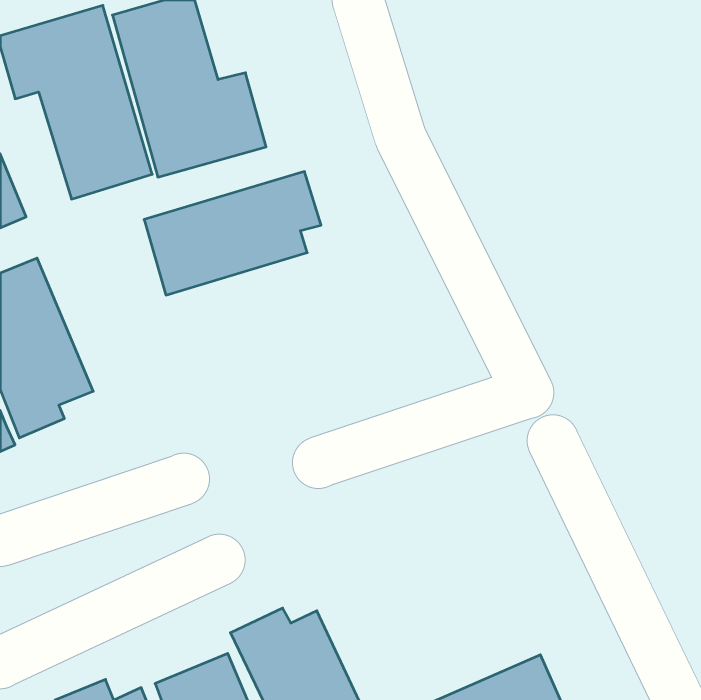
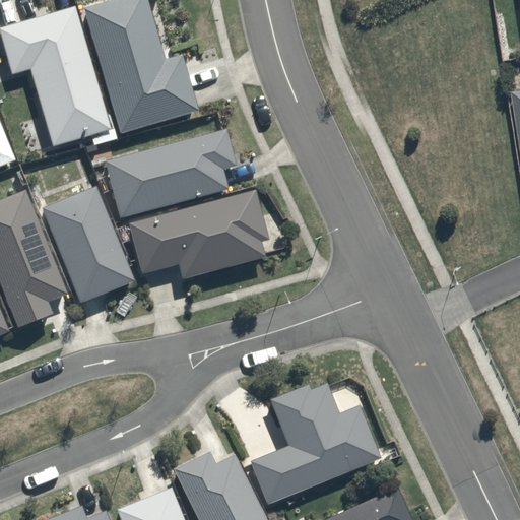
building: none -> [38,184,135,304]
building: none -> [125,190,268,282]
building: none -> [252,381,380,501]

